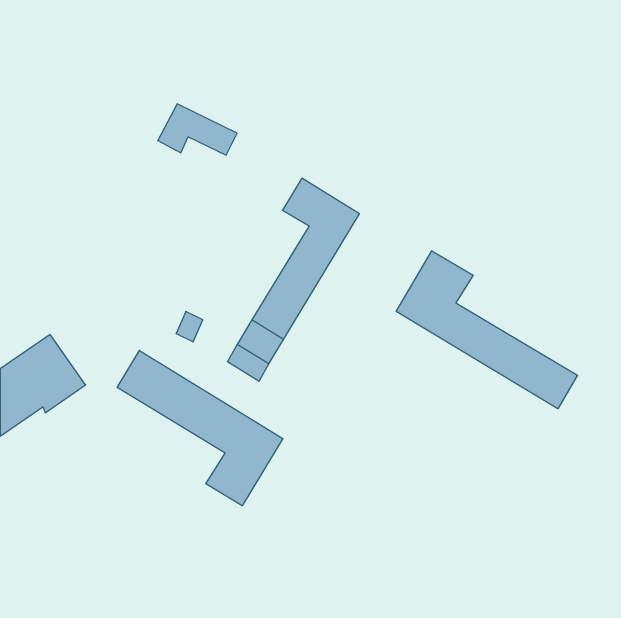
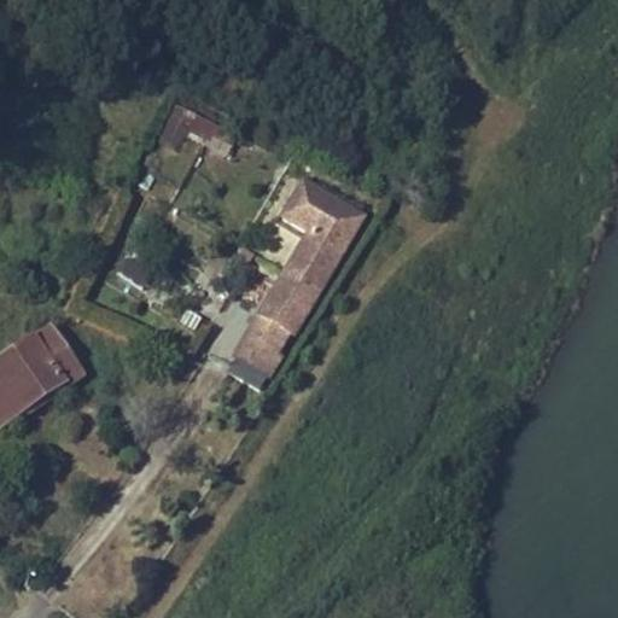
building: [396,251,578,409] -> none
building: [117,350,283,506] -> none

